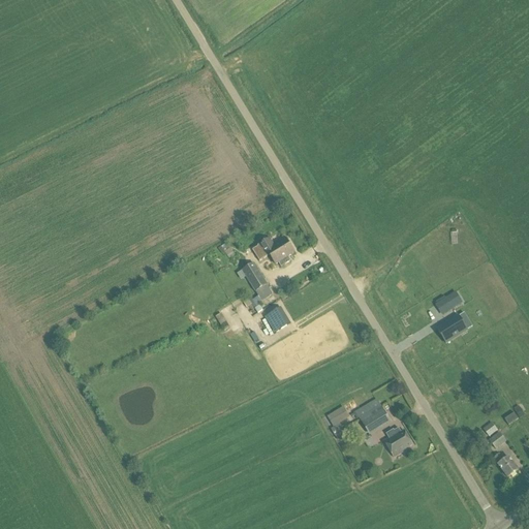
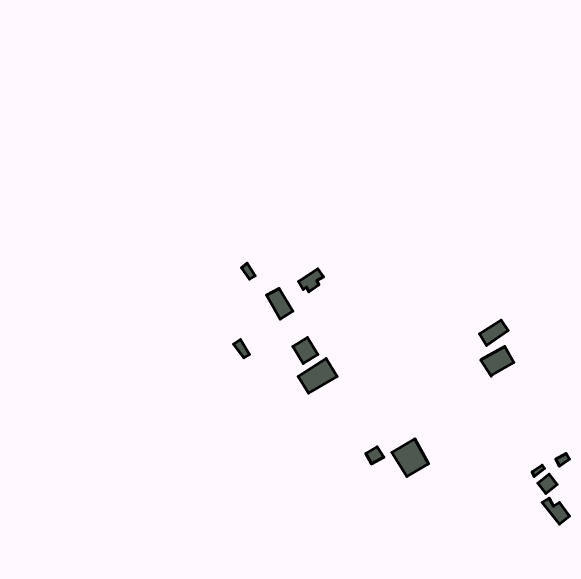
building: [251,237,288,259] -> none
building: none -> [298,359,337,393]
building: [383,429,411,455] -> none

